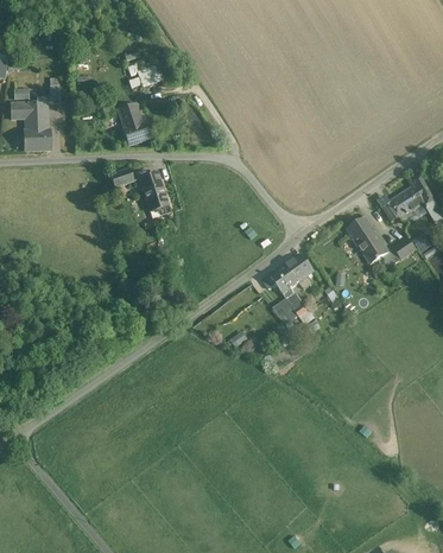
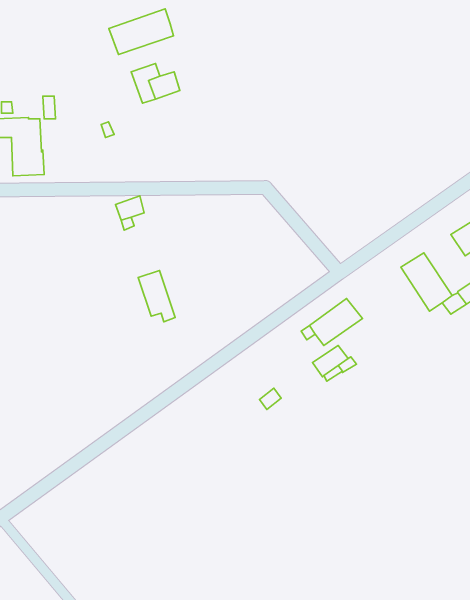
building: none -> [109,9,174,54]
building: [116,102,148,145] -> none
building: [139,172,170,215] -> [138,270,175,322]

